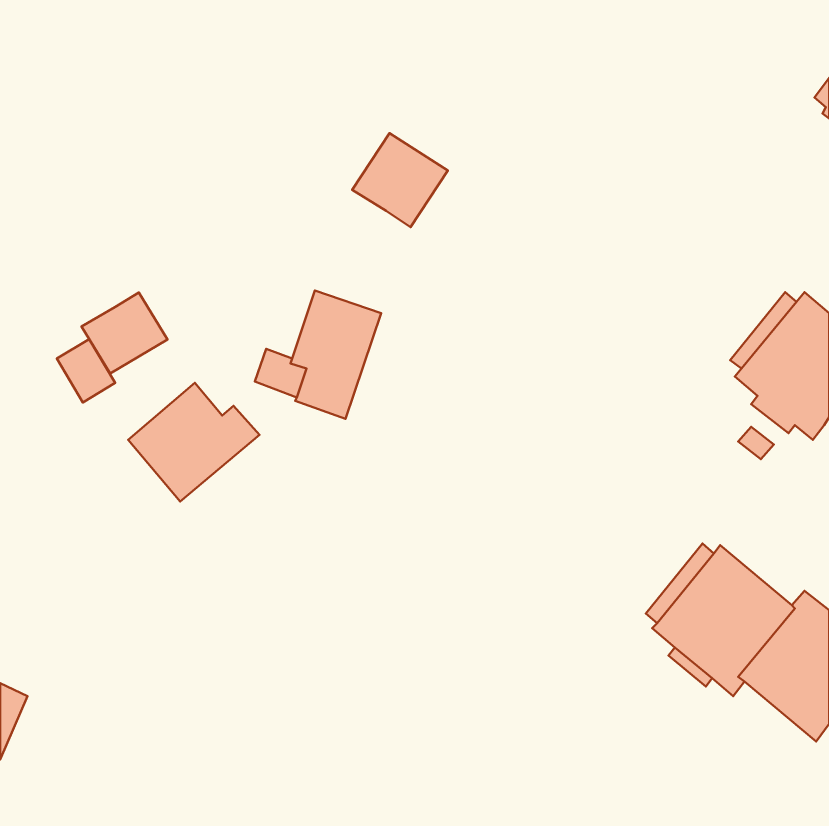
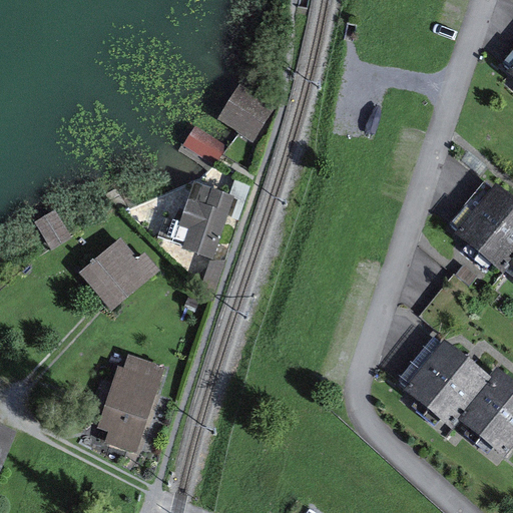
building: none -> [183,124,228,164]
building: [81,293,168,373] -> none
building: none -> [98,353,165,451]

